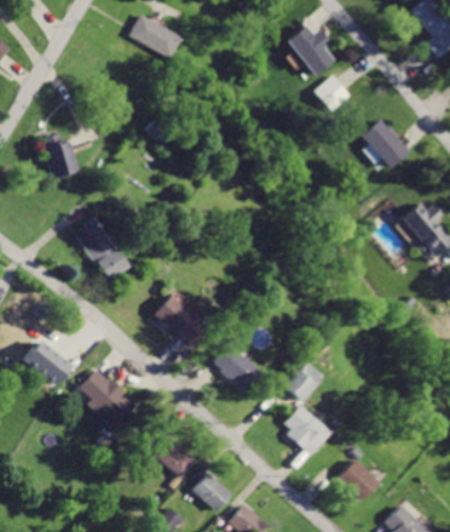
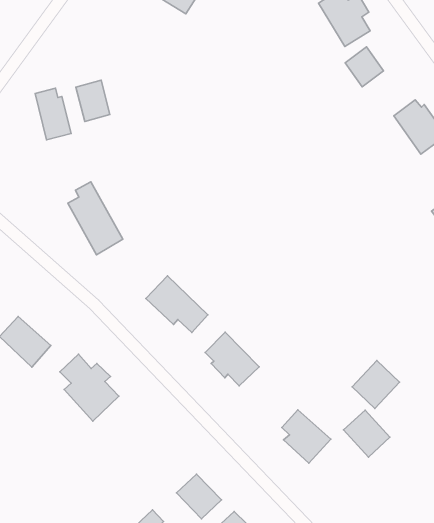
building: none -> [76,80,110,122]
building: [279,356,322,400] -> [352,360,399,409]
building: [156,436,198,477] -> none
building: [335,457,377,499] -> [343,410,390,457]

